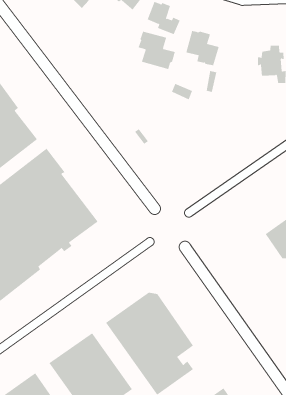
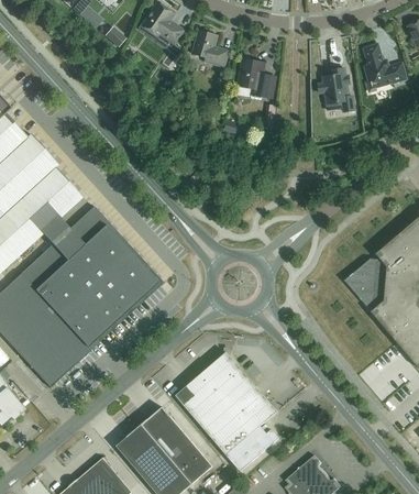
building: [138,31,176,70] -> none

